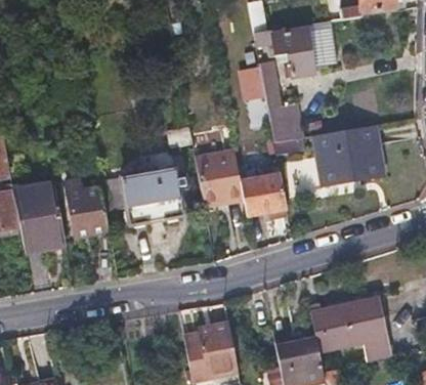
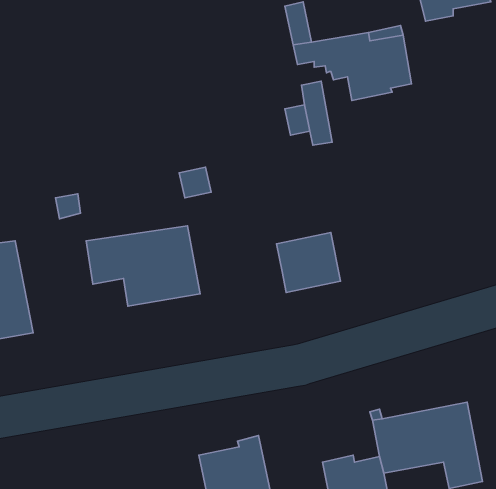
building: [266,103,302,141] -> none
building: [313,123,384,185] -> none
building: [195,152,244,209] -> none
building: [67,171,108,236] -> none

